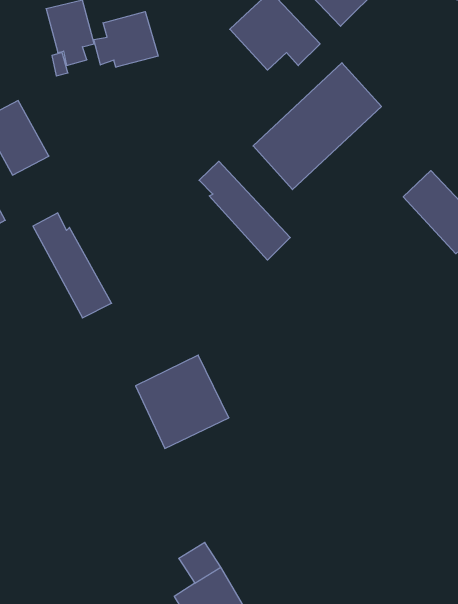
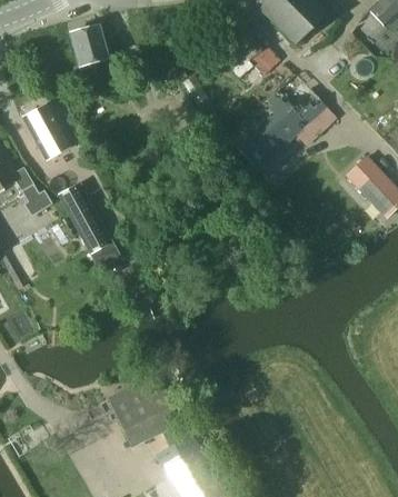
building: [94,12,158,67] -> none
building: [199,161,290,260] -> none
building: [136,355,229,448] -> [109,377,180,448]

